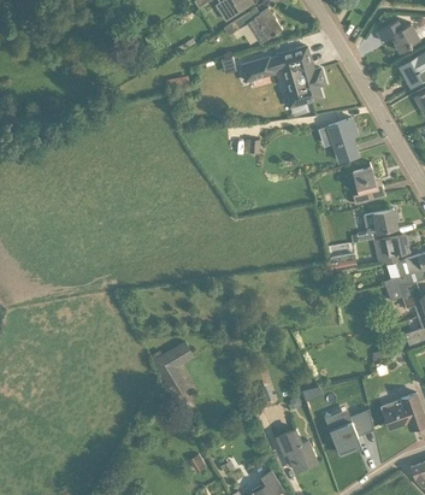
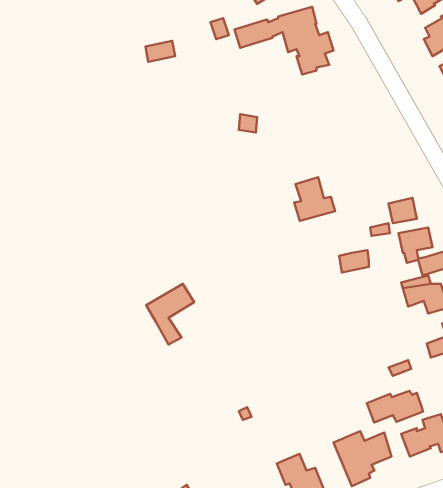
building: [325,118,358,163] -> none
building: [349,167,384,205] -> [294,177,335,221]
building: [152,342,193,394] -> [146,284,194,345]
building: none -> [367,391,423,423]

